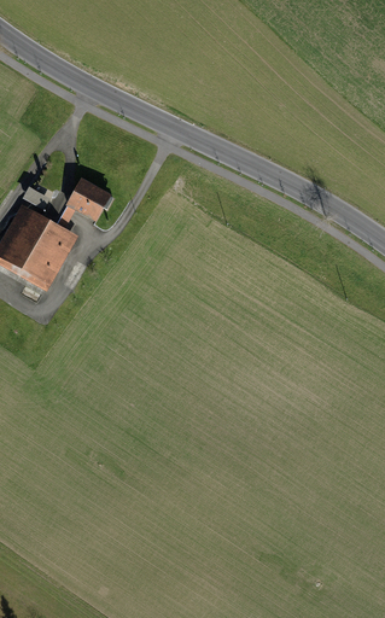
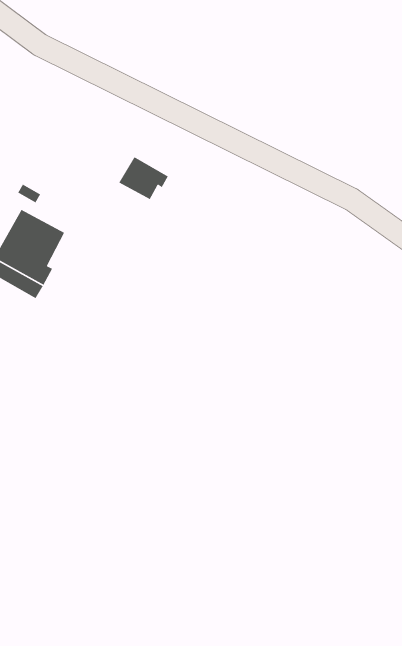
building: [66,177,112,217] -> [118,156,169,200]

